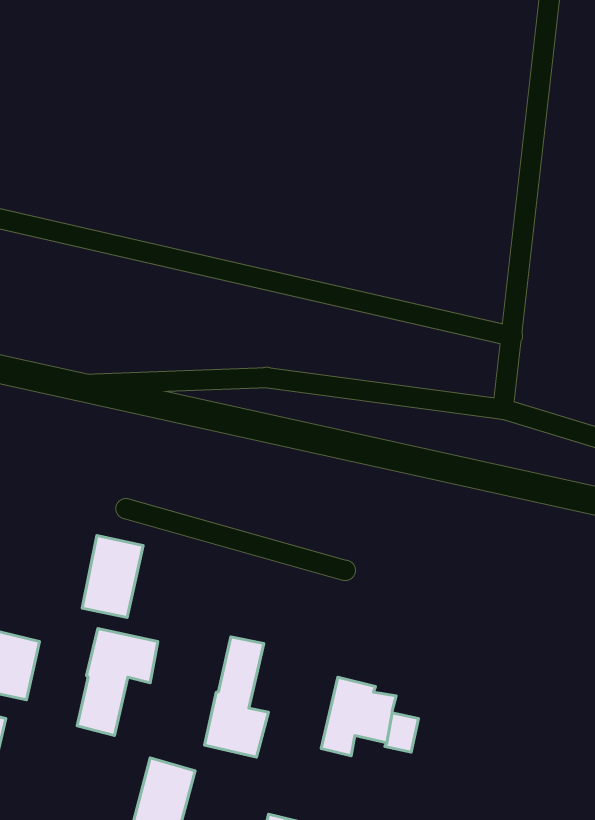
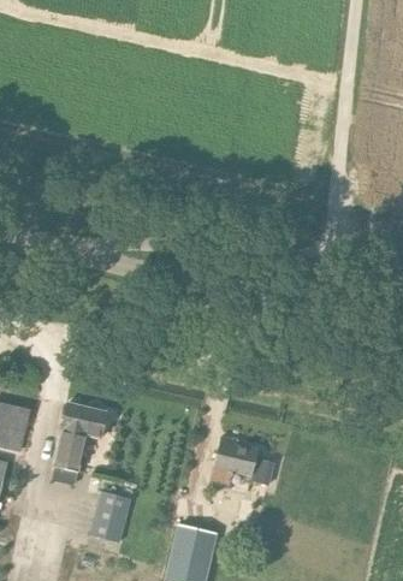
building: [82,535,143,617] -> none
building: [205,637,269,757] -> none

